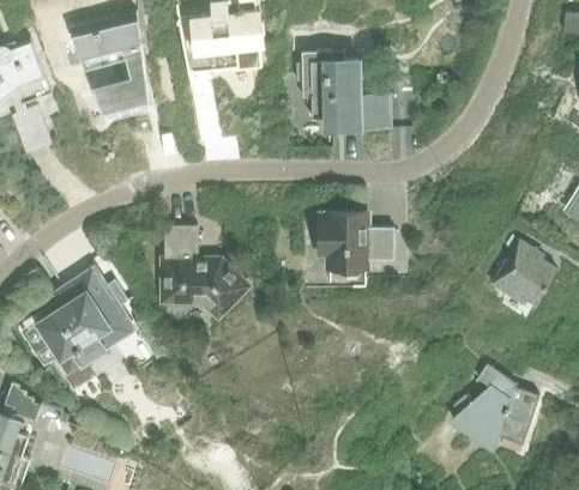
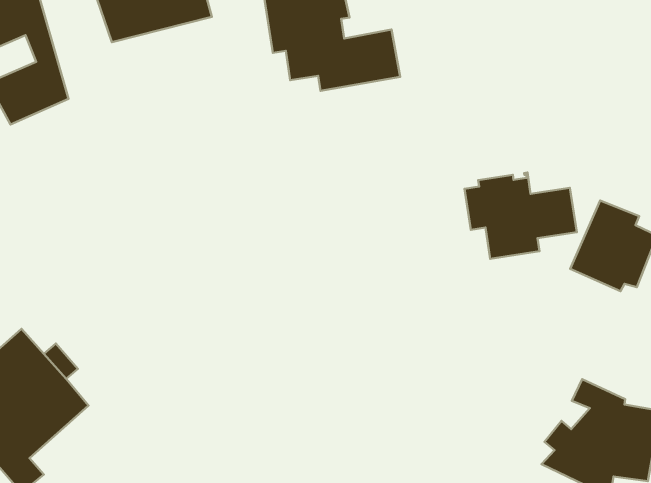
building: [318,212,393,270] -> [465,173,577,259]
building: [164,226,245,315] -> none

